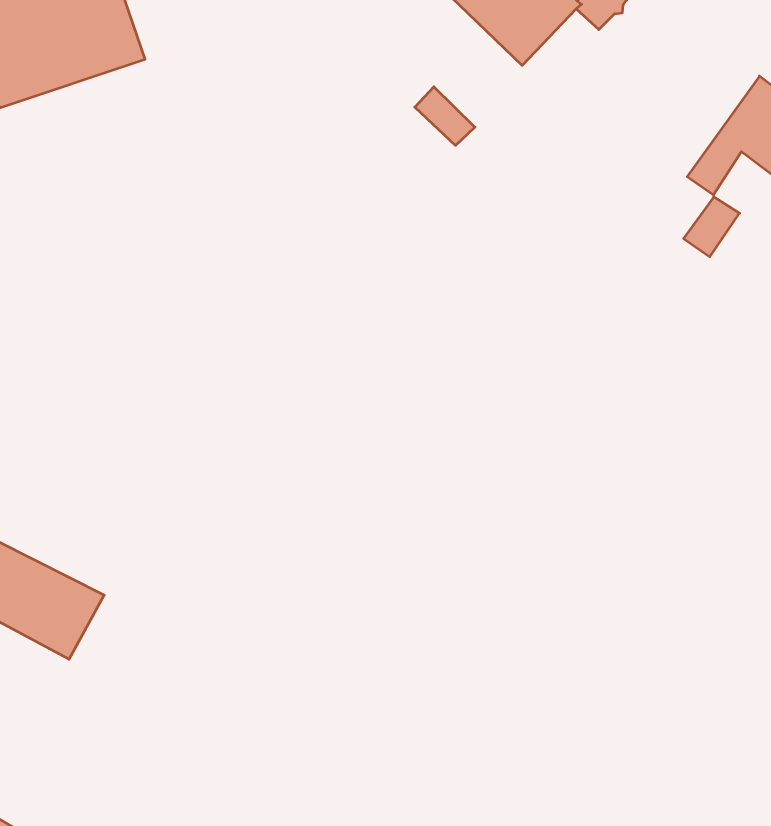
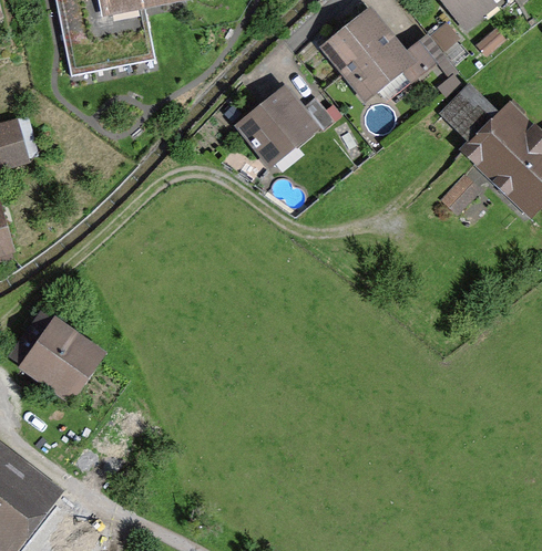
building: none -> [444,87,489,133]
building: none -> [244,94,311,159]

